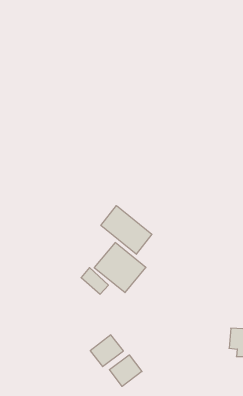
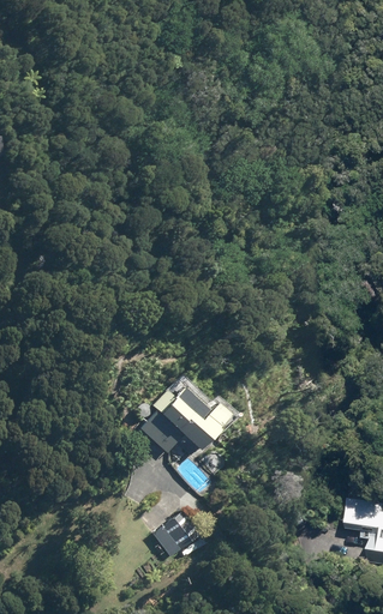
building: [101,206,152,254] -> none
building: [109,355,142,386] -> none

